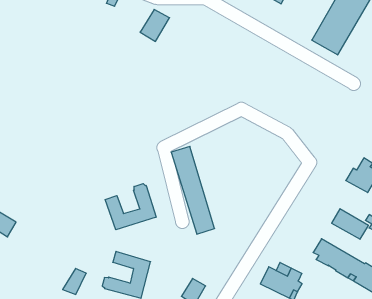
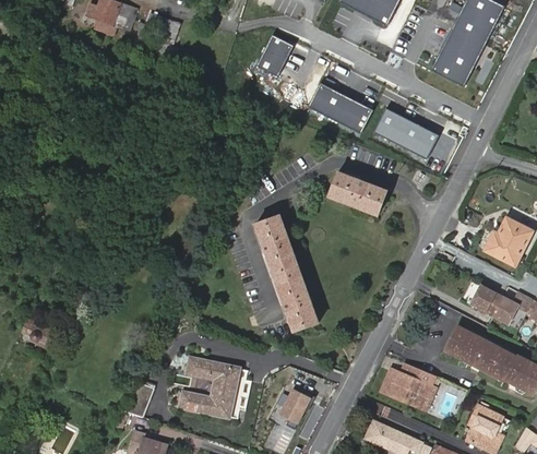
building: [140,9,170,41] -> [256,34,294,75]
building: none -> [308,82,374,133]
building: none -> [374,108,440,158]
building: none -> [330,171,385,214]
building: [105,184,156,230] -> none

